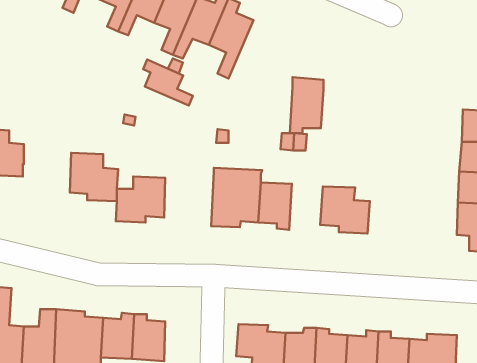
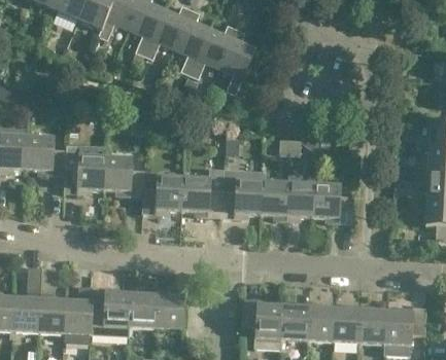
building: [143,59,193,105] -> none
building: [290,77,323,133] -> [286,174,314,220]
building: none -> [64,148,106,193]
building: none -> [182,168,224,217]

